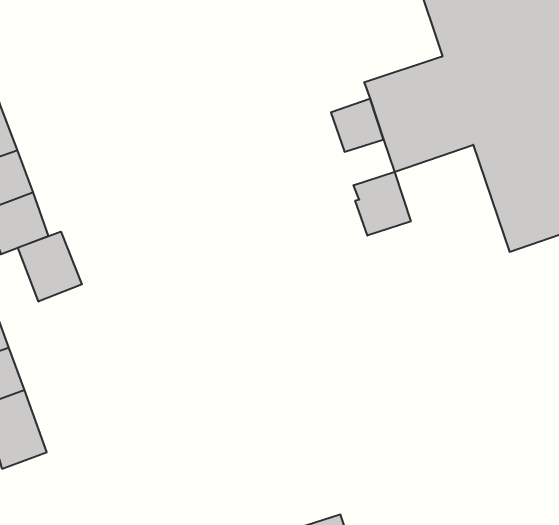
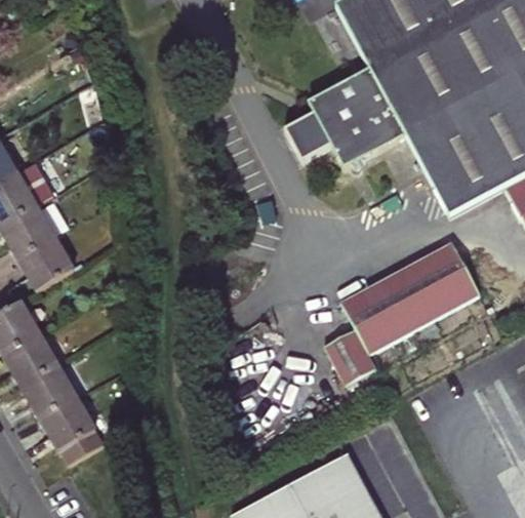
building: [354,172,411,236] -> none
building: [18,232,82,302] -> none
building: none -> [326,241,480,383]

